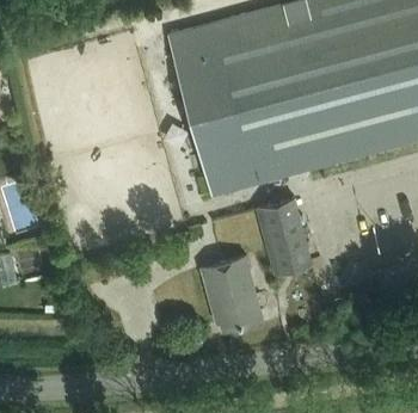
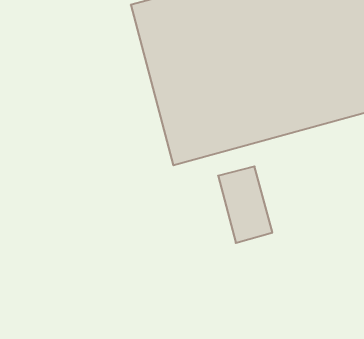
building: [199,257,260,329] -> none

